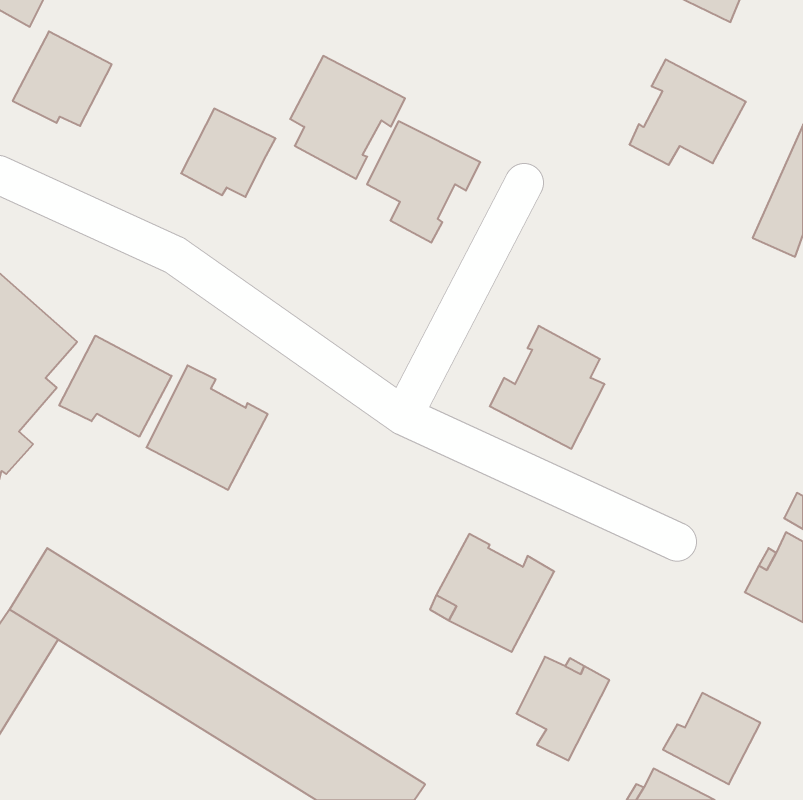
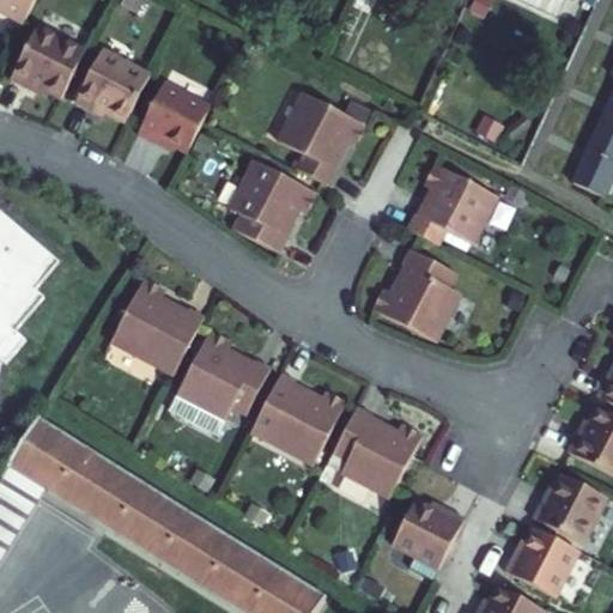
building: [290,56,405,179] -> [229,159,316,253]
building: [629,59,746,165] -> [407,163,496,243]
building: none -> [74,48,150,120]
building: [59,336,172,437] -> none
building: none -> [169,329,271,433]
building: none -> [251,372,346,462]
building: none -> [533,473,606,542]

